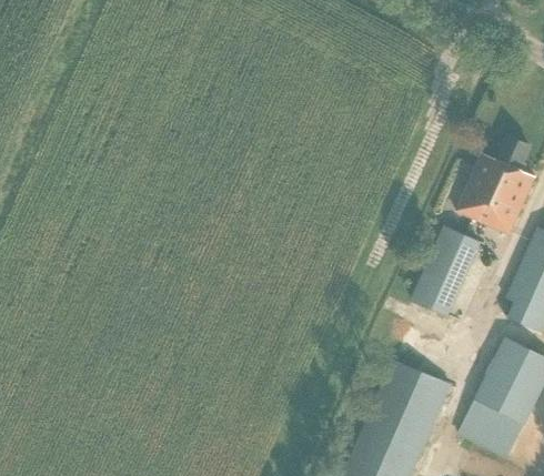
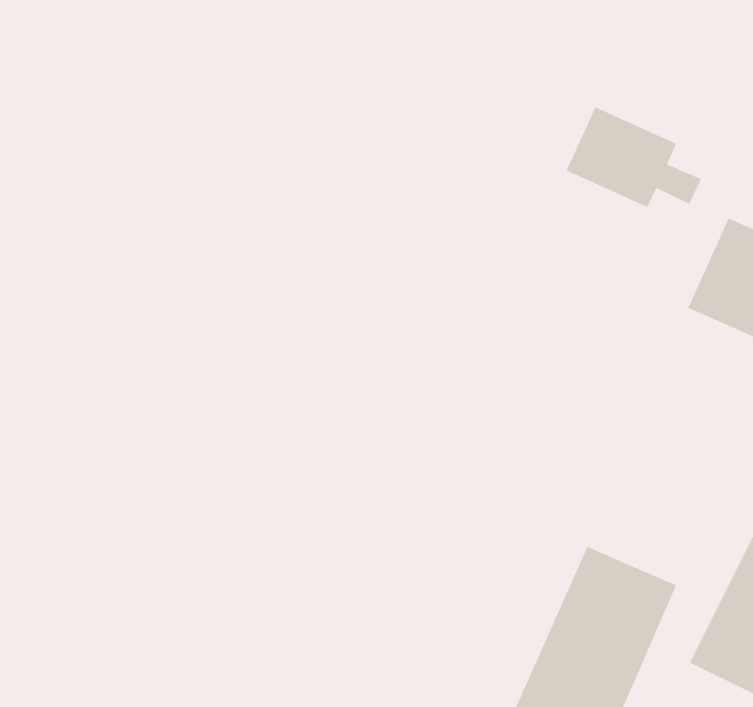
building: none -> [566,107,702,208]
building: [412,226,481,315] -> none

